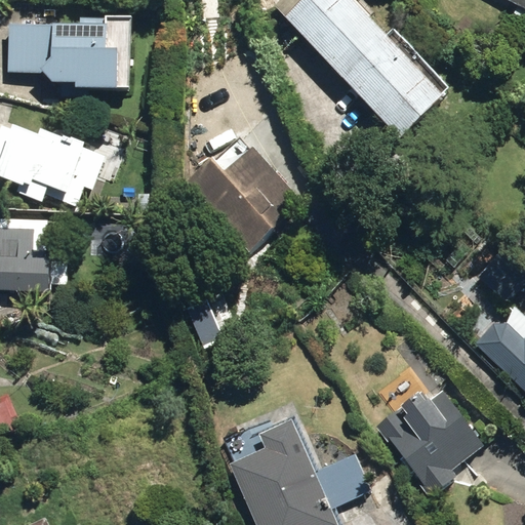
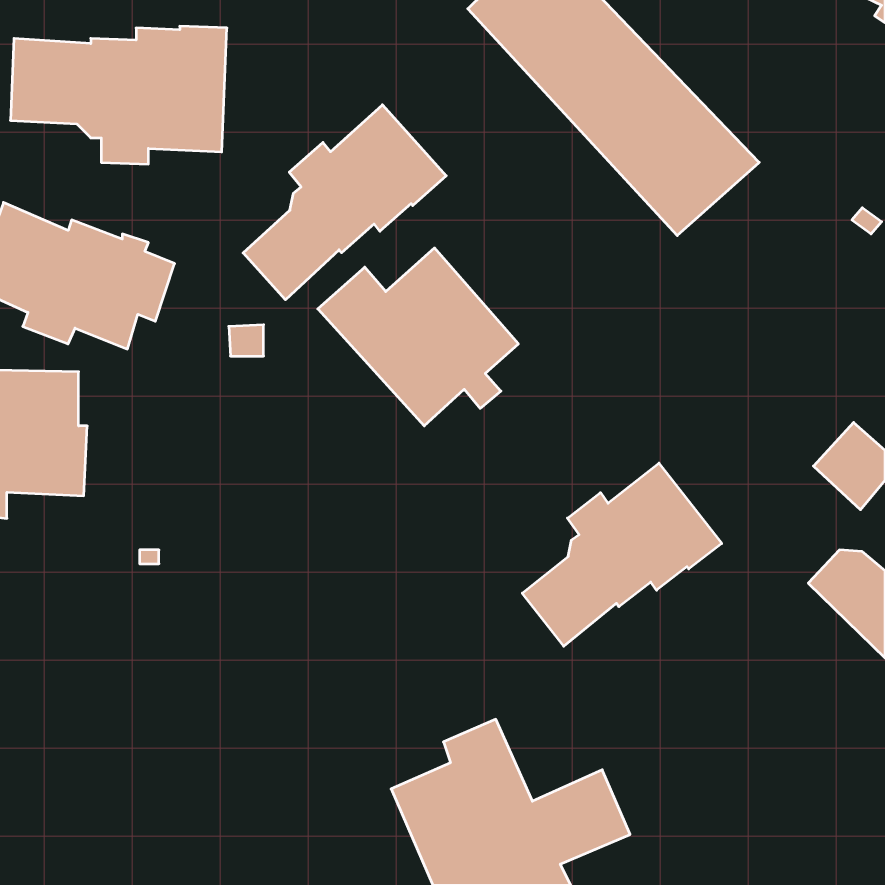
building: none -> [243,105,446,300]
building: none -> [522,463,722,646]
building: [374,389,485,496] -> none

